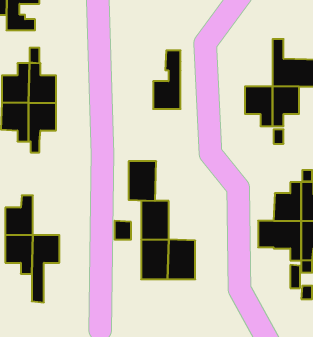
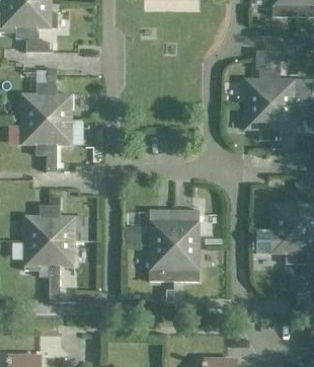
building: [153,50,181,109] -> [244,51,269,104]
building: [129,161,156,201] -> [174,210,200,246]
building: none -> [50,196,75,241]

